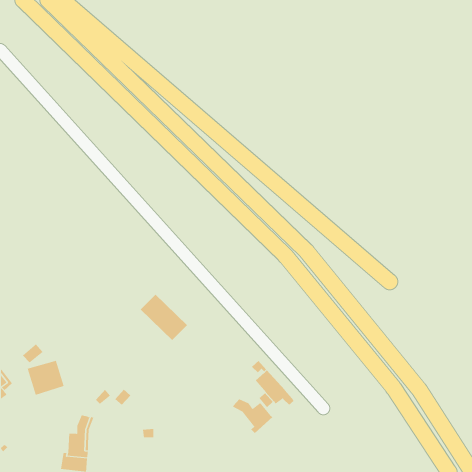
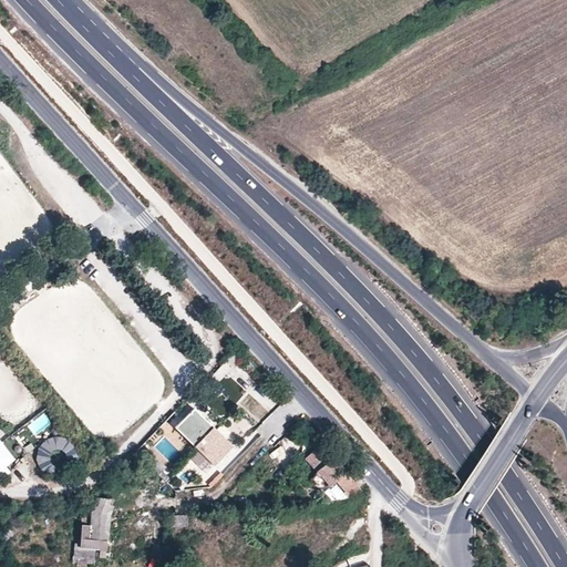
building: [140,294,188,341] -> [175,409,233,465]
building: [231,399,273,434] -> none

